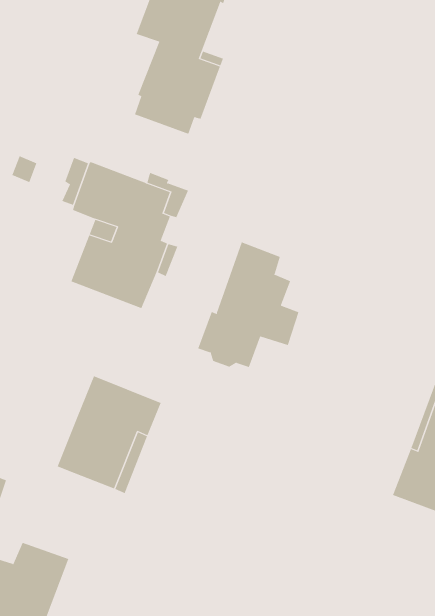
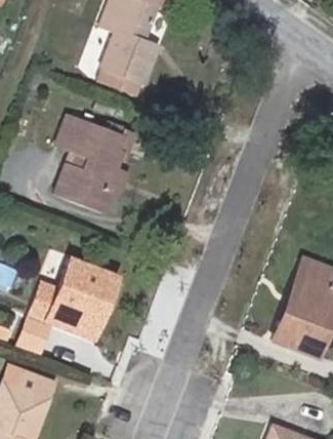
building: [197,242,299,368] -> none
building: none -> [14,279,59,356]

